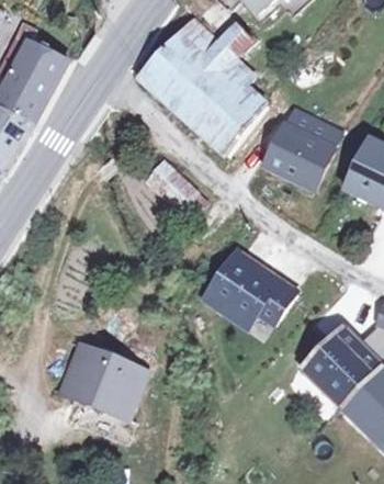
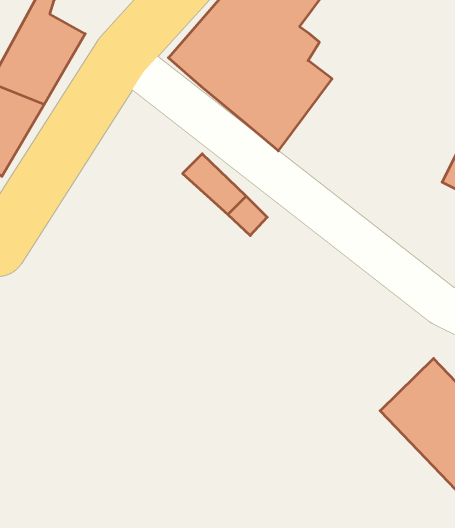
building: [255,120,324,182] -> none
building: [202,255,297,346] -> none
building: [64,352,146,426] -> none

